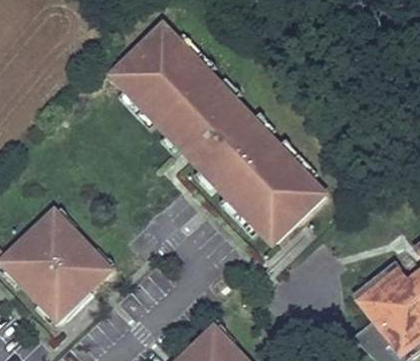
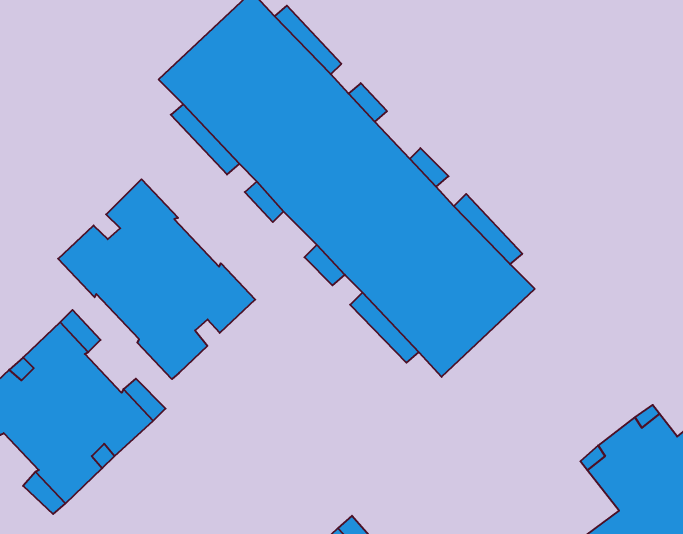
building: none -> [58,179,255,379]

